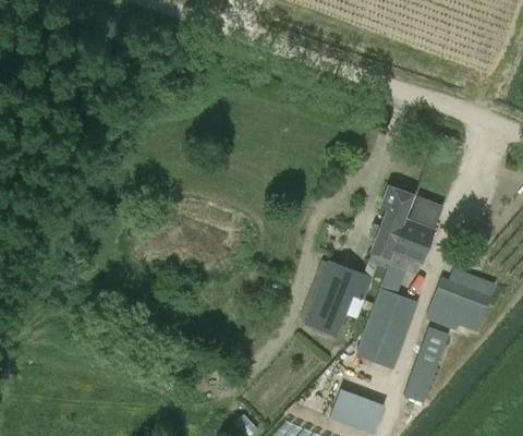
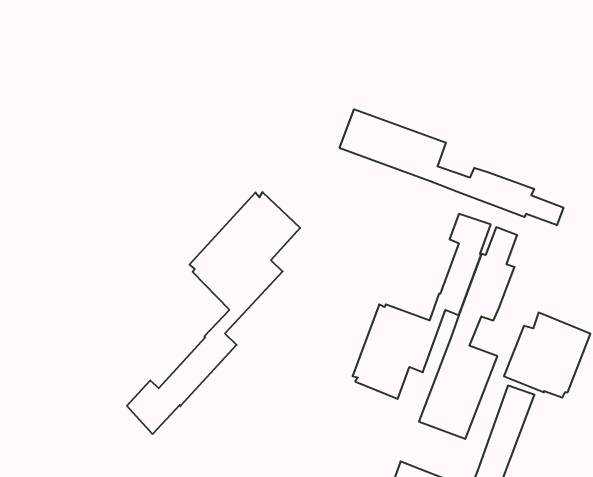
building: none -> [340,109,563,225]
building: none -> [127,192,300,434]

